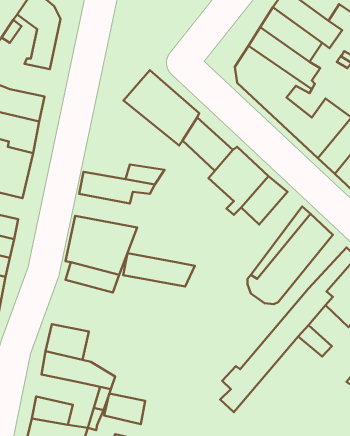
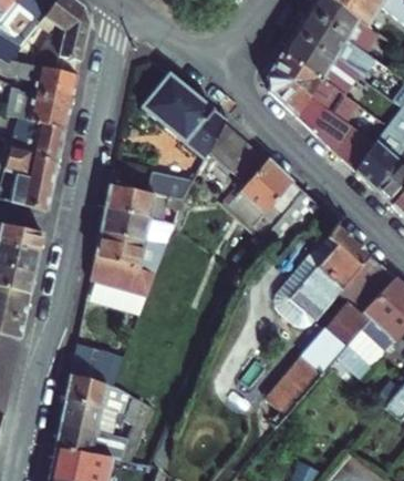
building: none -> [31,69,73,104]
building: [123,253,195,287] -> [100,207,175,243]
building: [104,394,145,424] -> [59,398,102,430]

